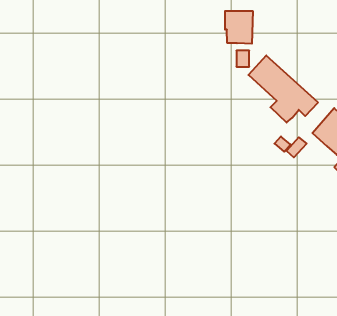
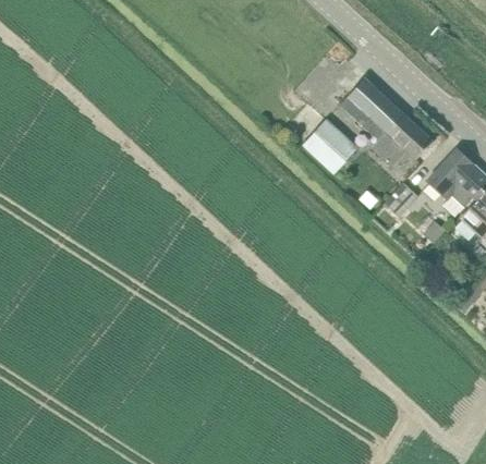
building: [225,11,253,44] -> none
building: none -> [302,117,359,173]

